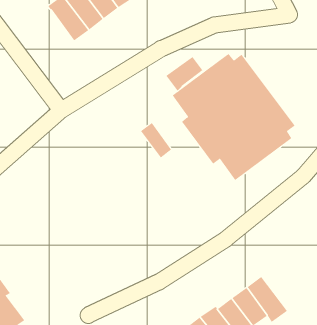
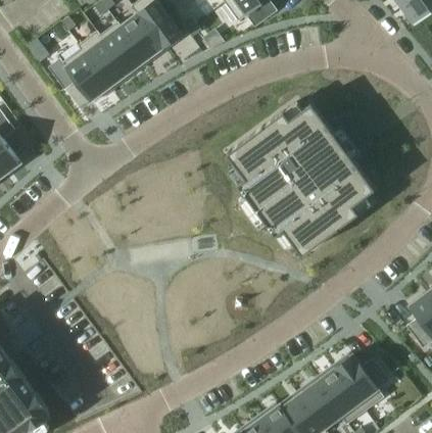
building: none -> [48,49,109,100]
building: [166,56,203,91] -> none
building: [140,122,172,158] -> none
building: none -> [334,355,390,411]

